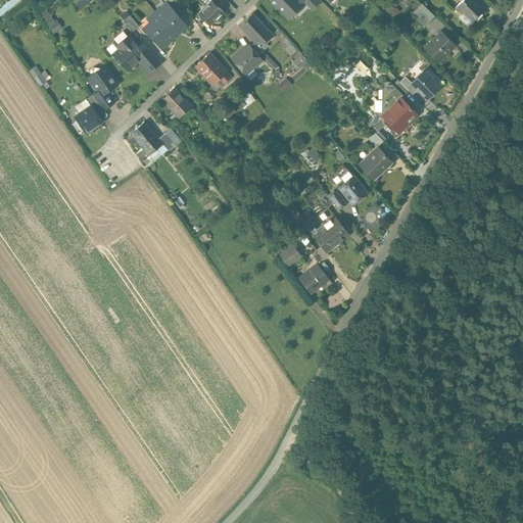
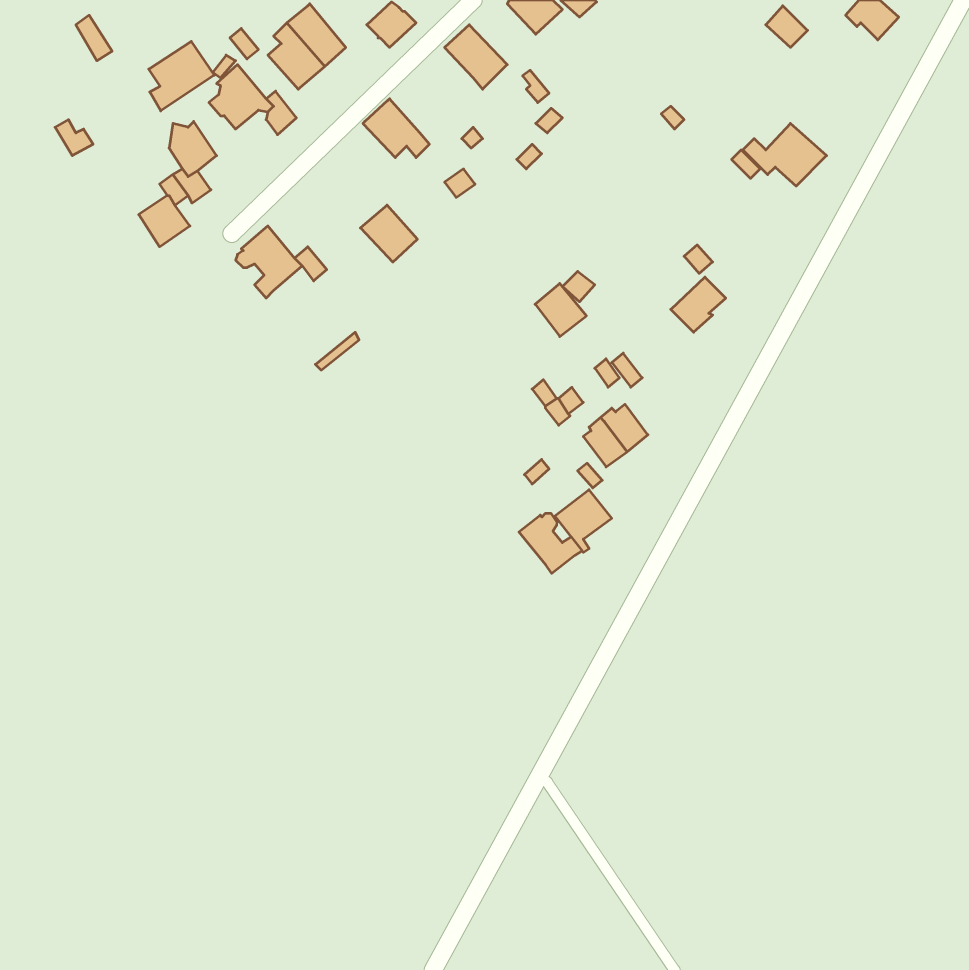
building: none -> [149,41,214,111]
building: [425,31,456,61] -> none
building: [232,42,265,74] -> none
building: [161,87,192,117] -> [360,205,417,262]
building: [382,96,417,131] -> none
building: [340,176,368,204] -> [535,283,586,337]
building: none -> [519,513,582,573]

